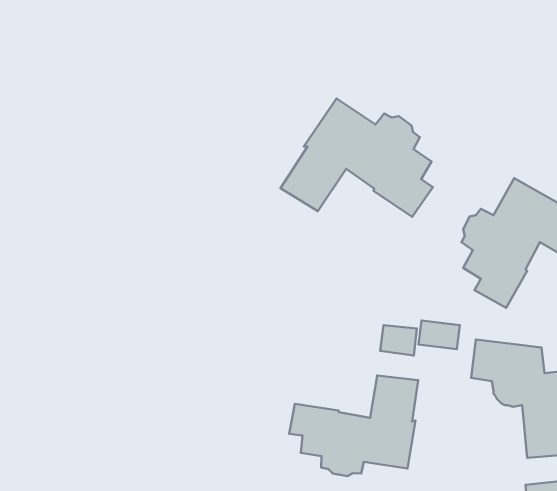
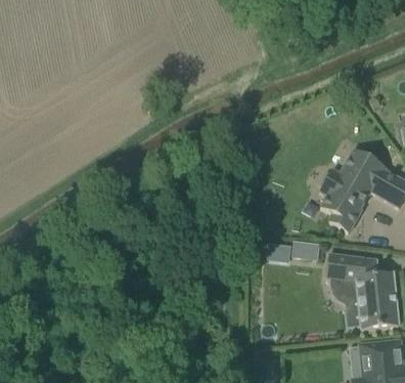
building: [281,99,433,217] -> none
building: [289,375,418,476] -> none

